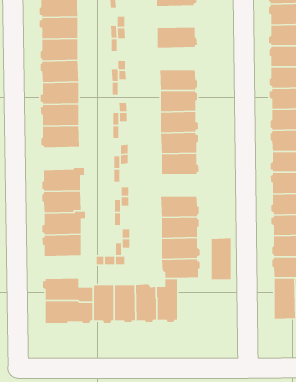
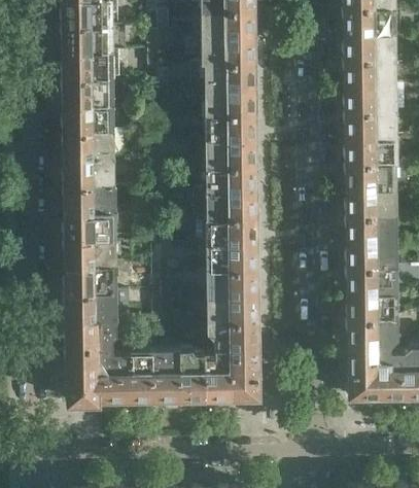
building: none -> [204,11,254,38]
building: none -> [208,63,255,90]
building: none -> [62,185,111,213]
building: none -> [209,219,257,245]
building: [211,238,232,280] -> [231,346,256,398]
building: none -> [64,319,111,347]

